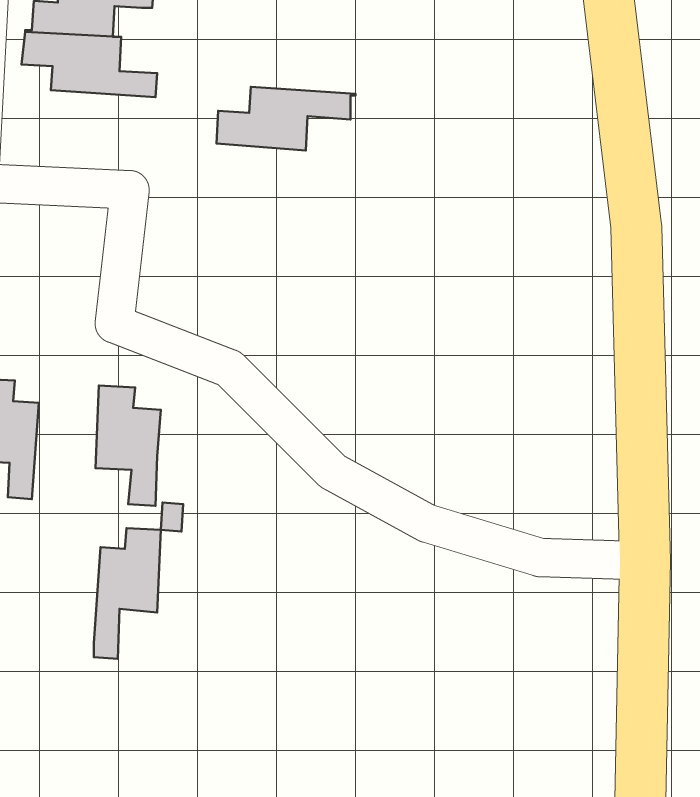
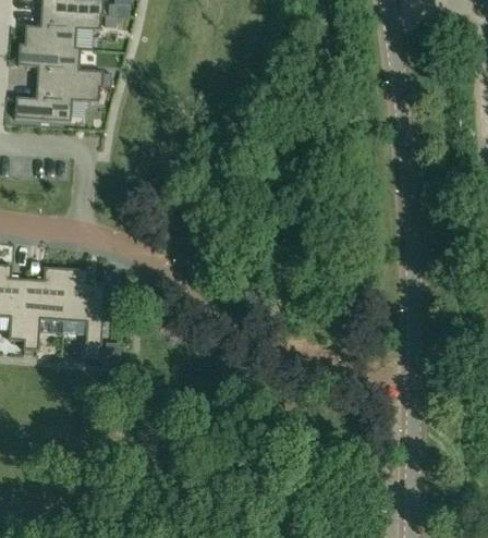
building: [216,87,356,150] -> [13,84,101,124]
building: [94,528,161,659] -> [23,270,65,353]

